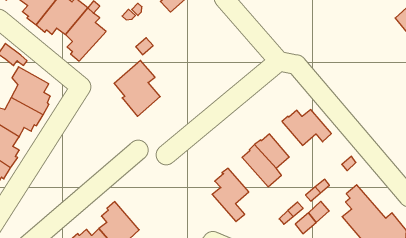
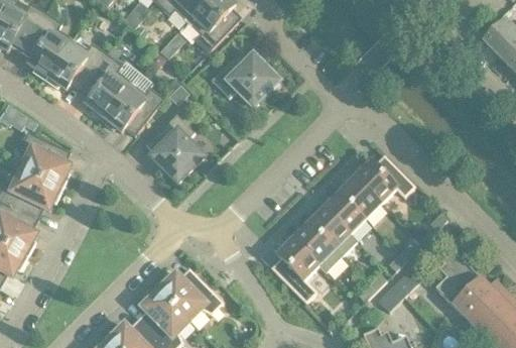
building: none -> [211,48,279,106]
building: none -> [102,81,164,132]
building: none -> [340,176,381,218]
building: none -> [292,223,343,272]
building: none -> [157,270,224,320]

